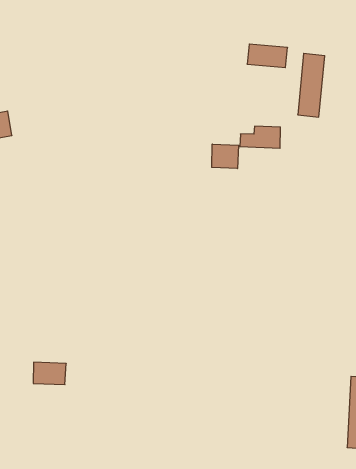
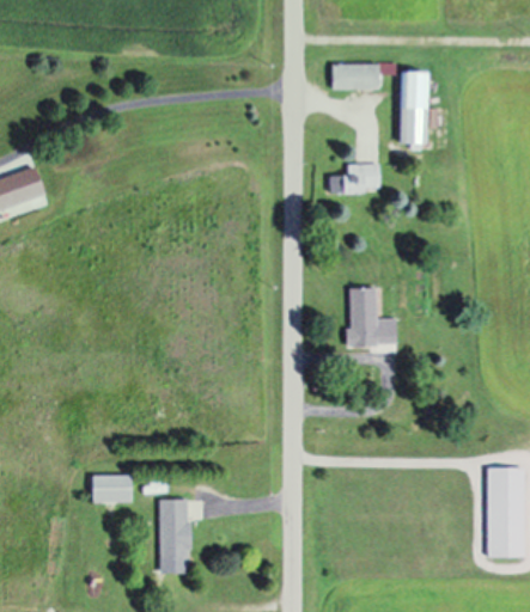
building: [212,144,239,169] -> none
building: none -> [348,287,397,345]
building: none -> [159,500,189,574]

